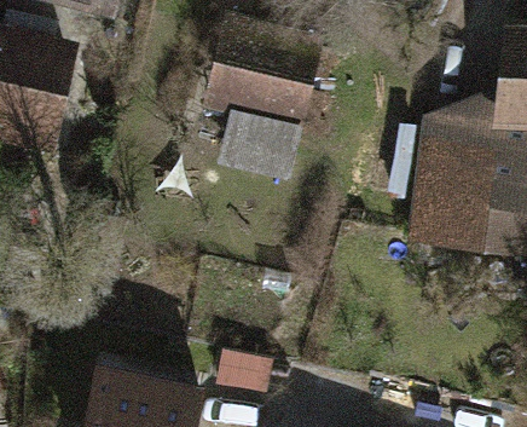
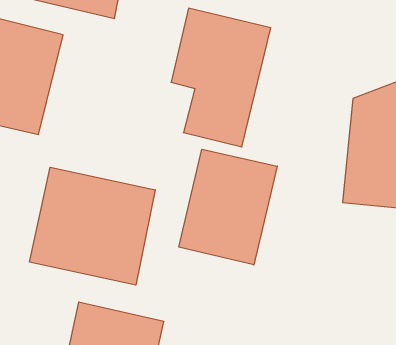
building: none -> [179,149,277,265]
building: none -> [30,167,155,285]

